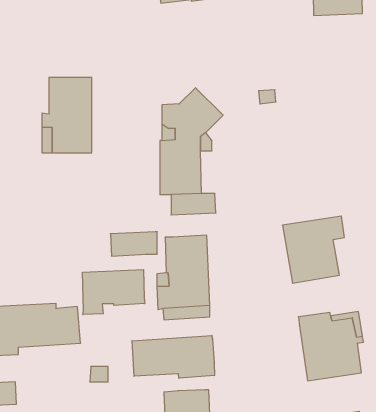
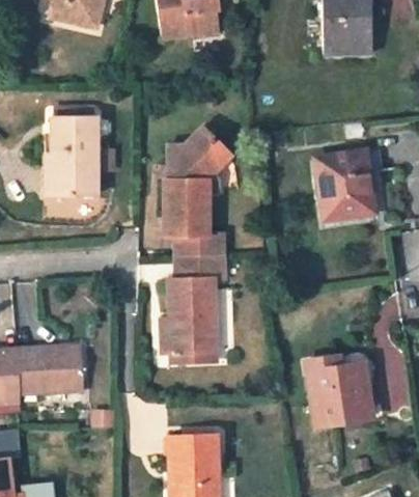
building: [282,216,344,283] -> [315,150,379,219]
building: [110,232,157,256] -> [176,255,224,280]
building: [83,270,145,315] -> none
building: [132,335,214,378] -> none

